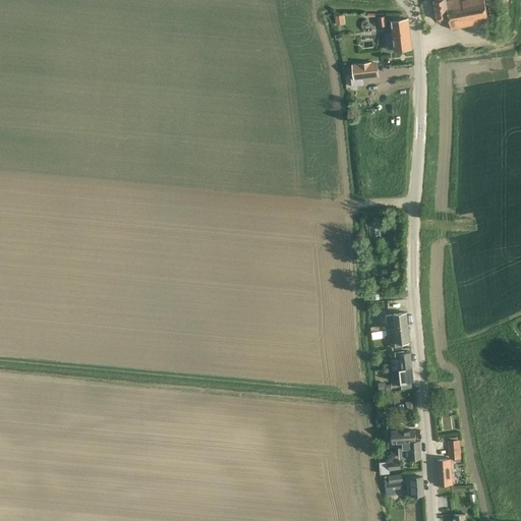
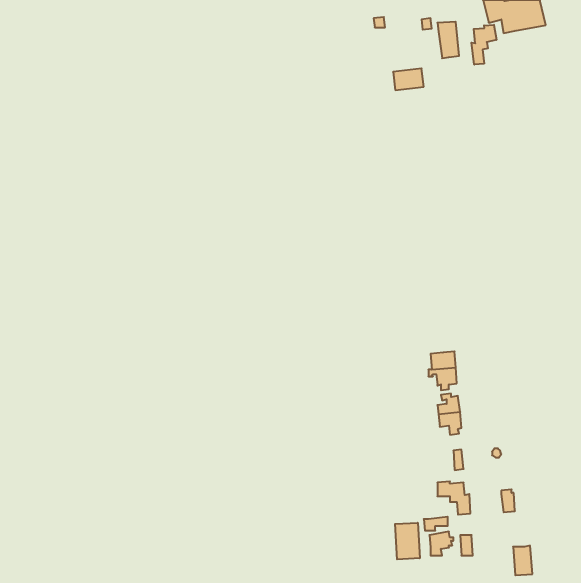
building: none -> [471,25,496,65]
building: [435,459,452,485] -> [513,546,532,575]
building: none -> [395,523,420,559]

